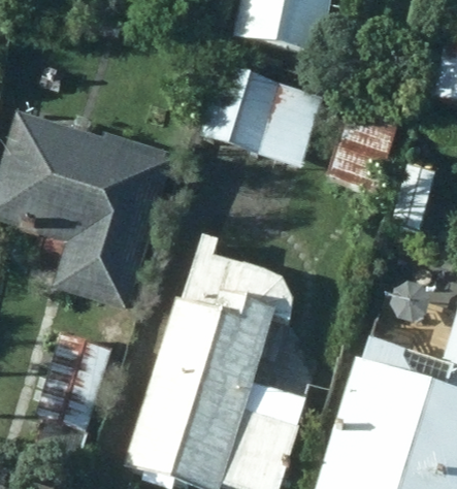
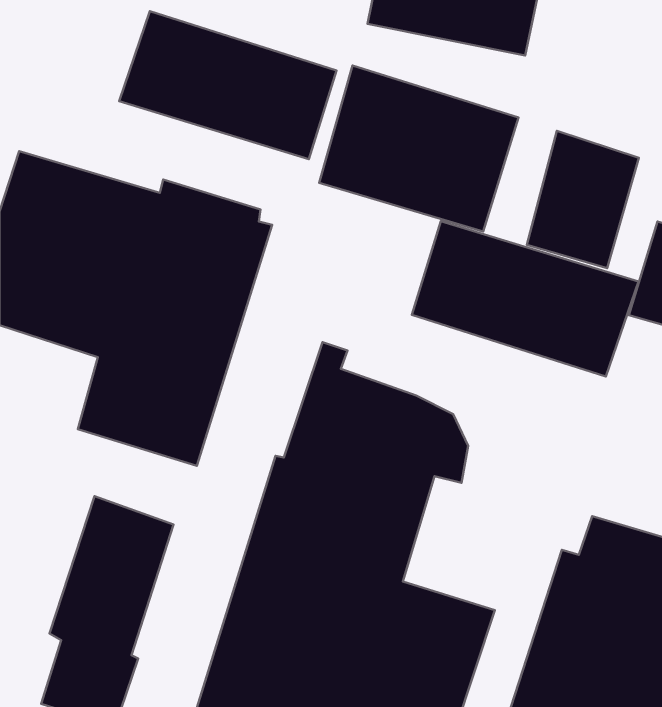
building: none -> [119,11,336,159]
building: none -> [412,221,638,376]

